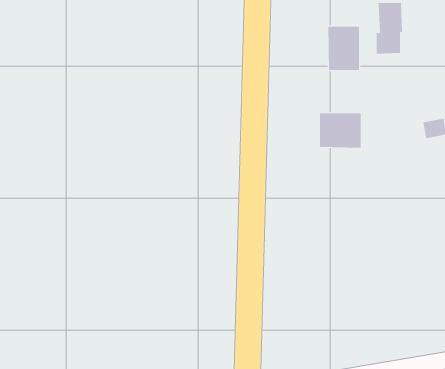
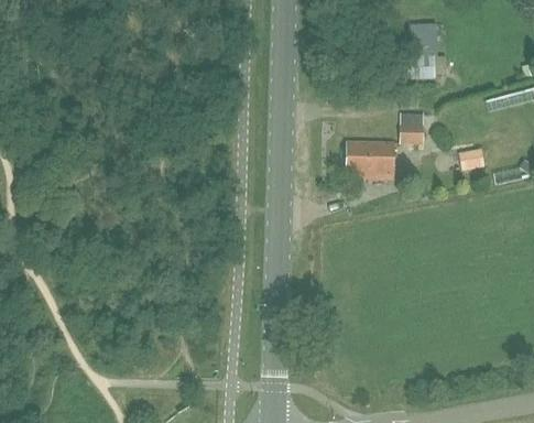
building: [328,26,359,71] -> none
building: none -> [400,113,424,143]

